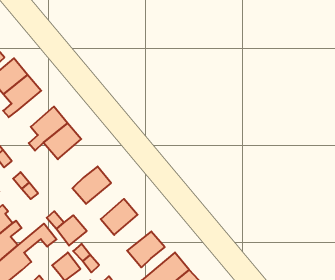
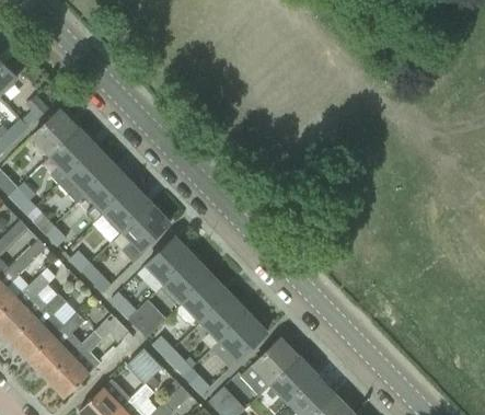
building: none -> [68,148,114,204]
building: none -> [123,205,170,263]
building: none -> [165,257,210,303]
building: none -> [201,295,247,341]

